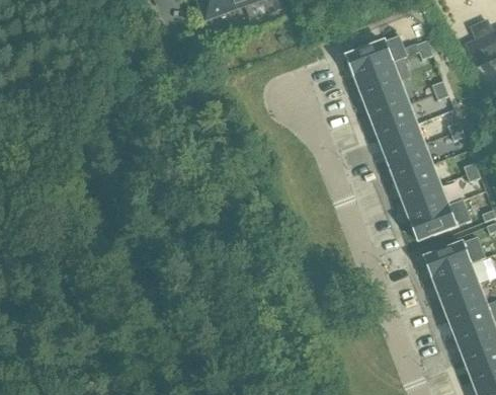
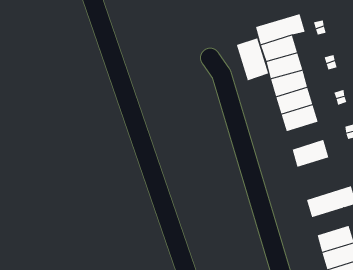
building: none -> [236,37,269,81]
building: [395,163,440,199] -> none
building: [411,200,472,241] -> none
building: [433,263,479,299] -> none

